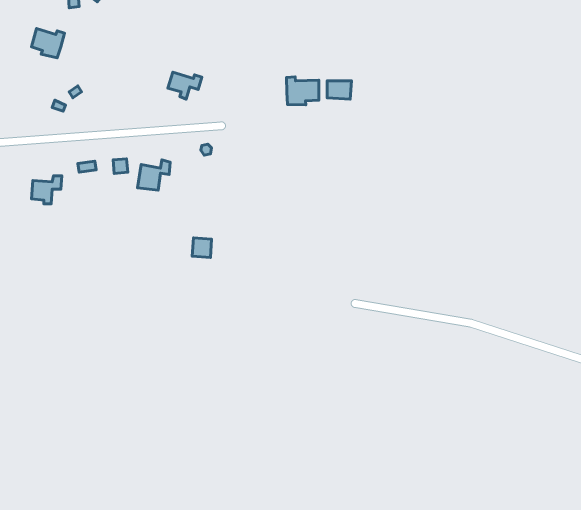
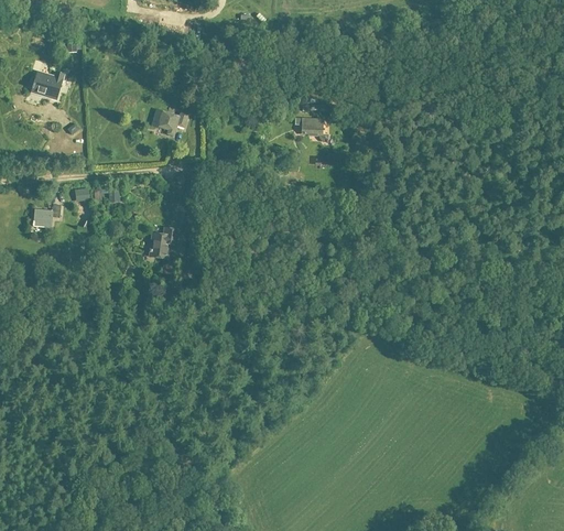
building: [287,77,319,105] -> none
building: [137,160,170,190] -> [148,228,177,256]

